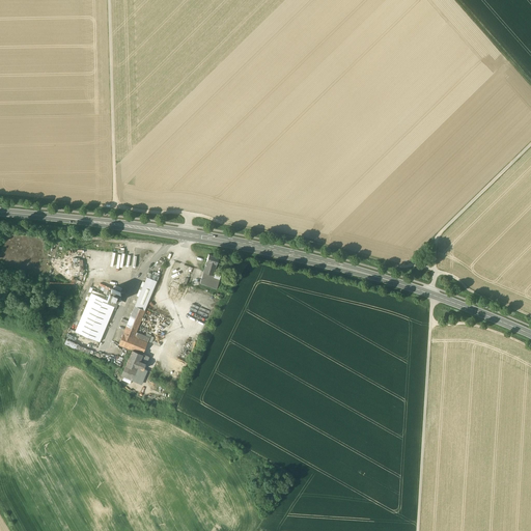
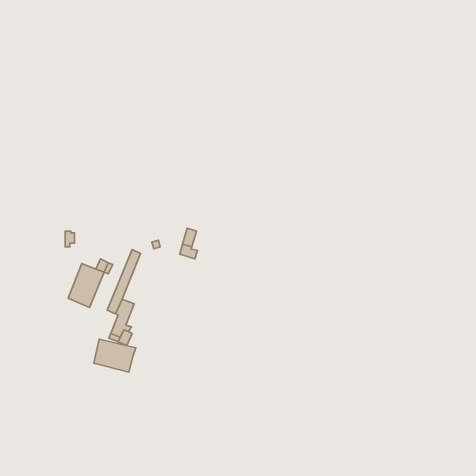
building: none -> [94,339,136,372]

